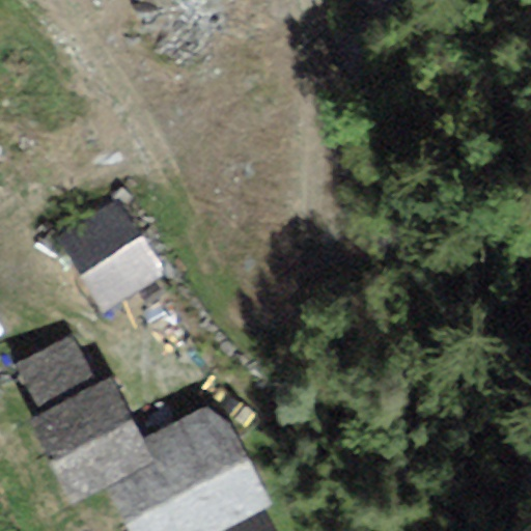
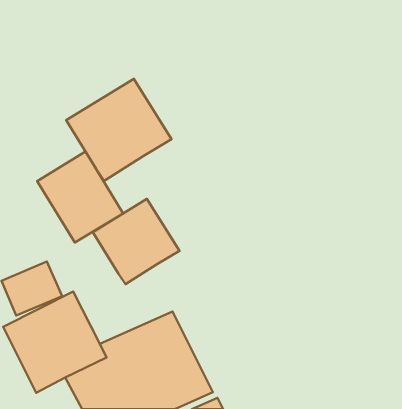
building: none -> [66,79,172,181]
building: none -> [93,199,179,284]

